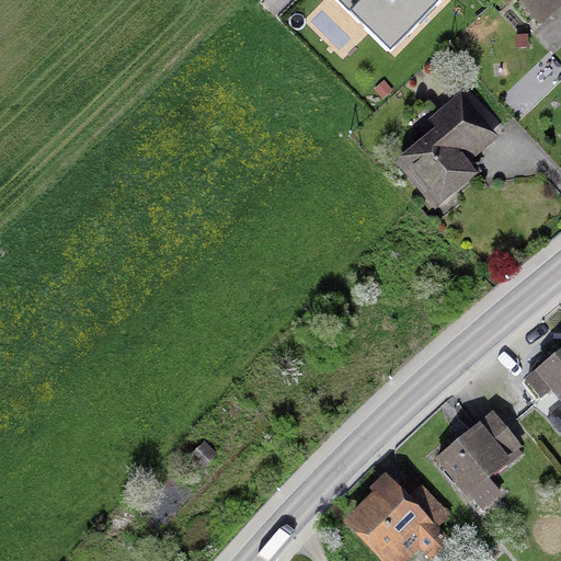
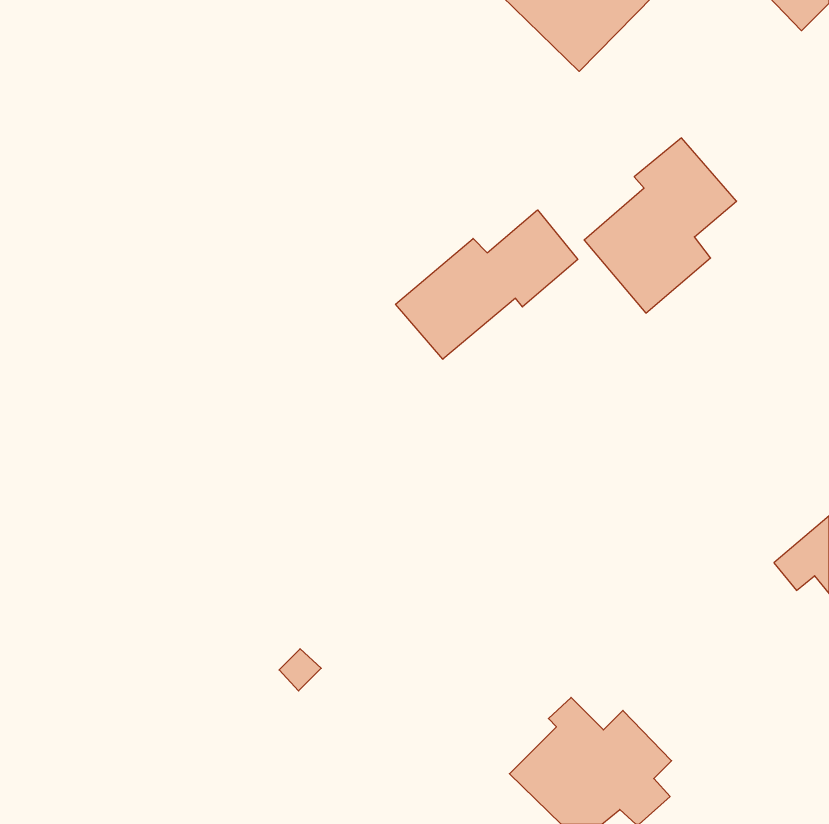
building: none -> [396,210,578,359]
building: [435,409,524,507] -> none

